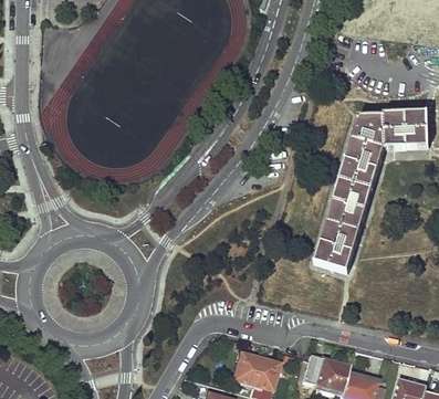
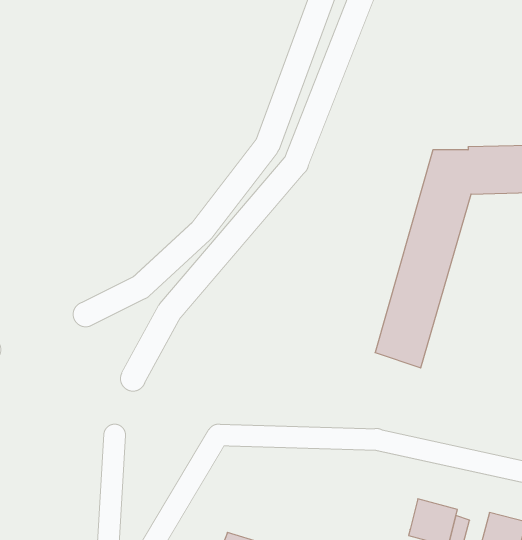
building: [233,350,278,387] -> none
building: [301,351,348,389] -> none

